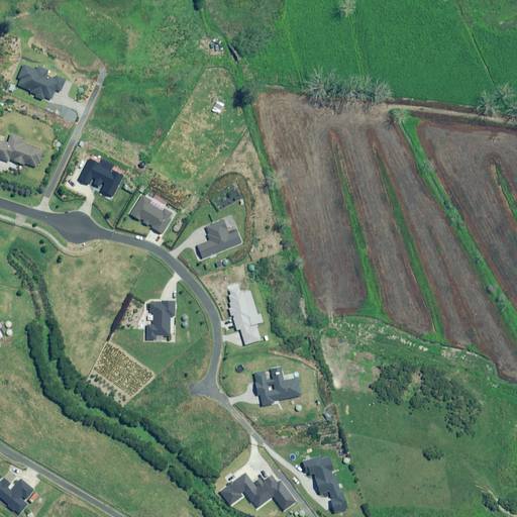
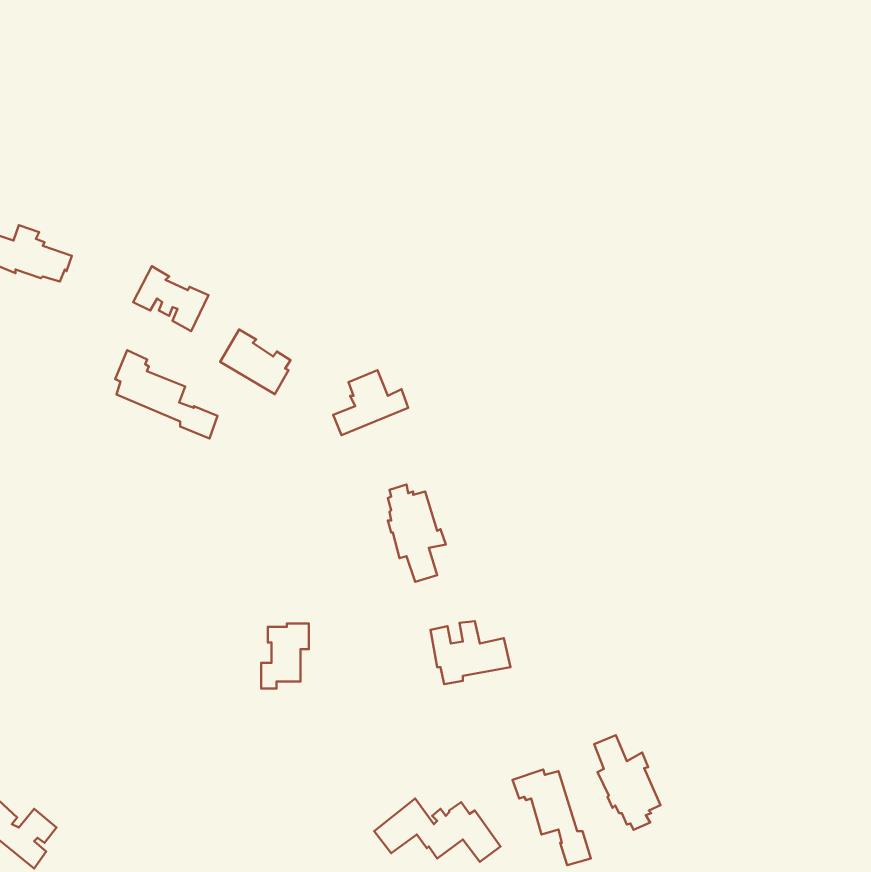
building: [18,65,66,99] -> none
building: none -> [115,350,218,439]
building: [146,301,175,339] -> [261,624,309,688]
building: none -> [594,735,660,830]

